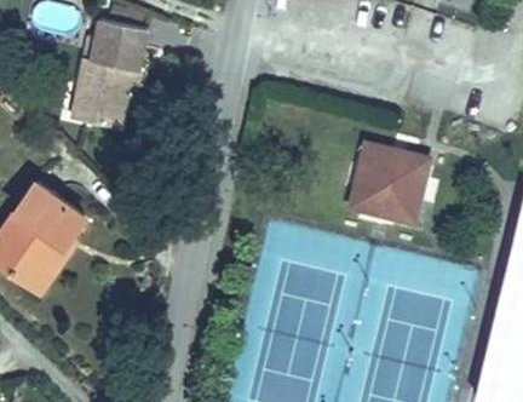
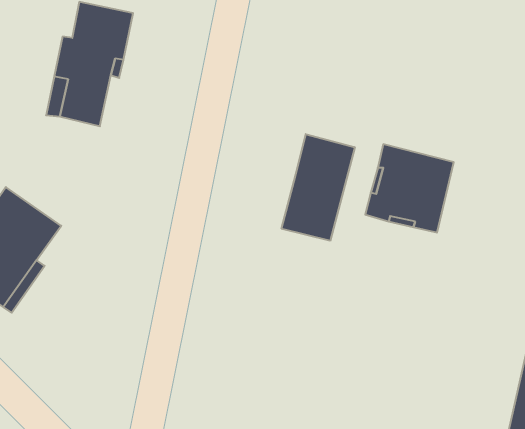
building: none -> [282,134,355,241]

